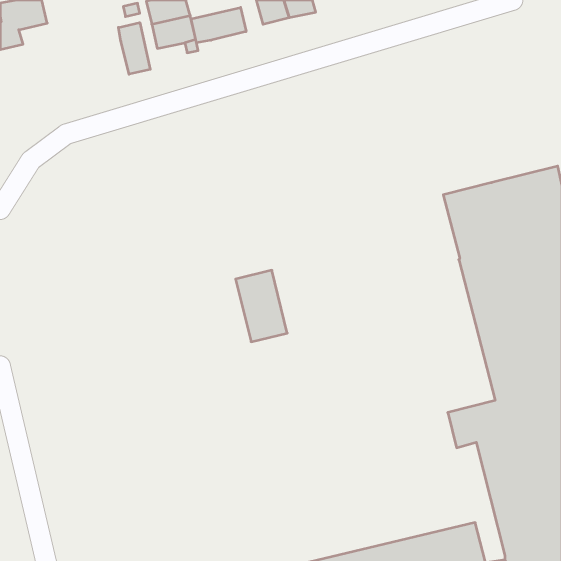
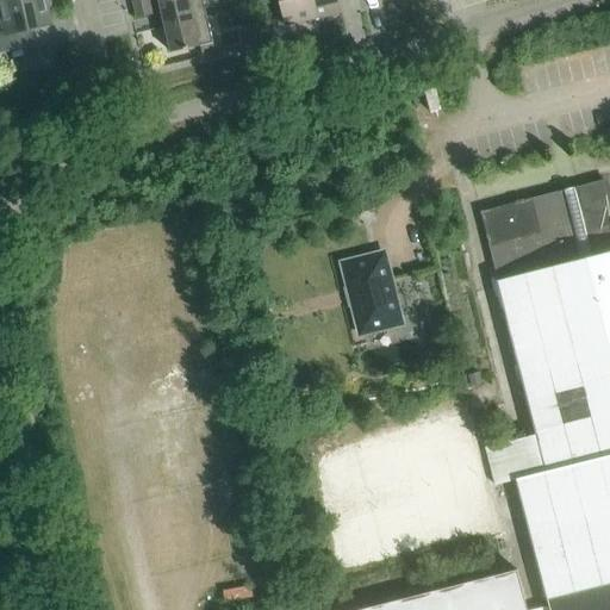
building: [191,7,246,43] -> none
building: [118,23,150,74] -> none
building: [236,270,287,342] -> [346,251,402,329]

